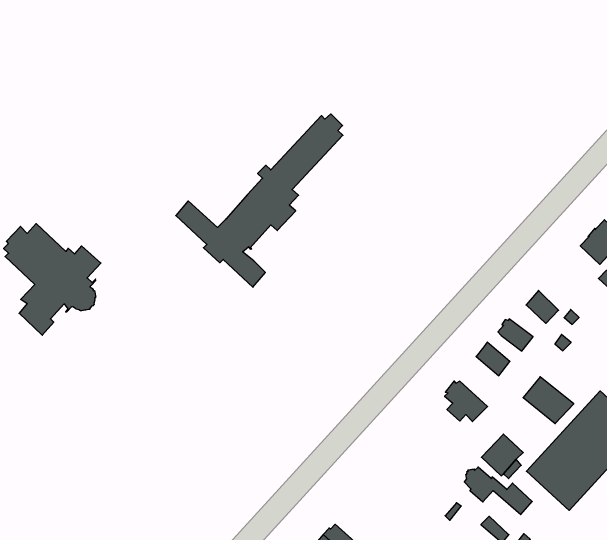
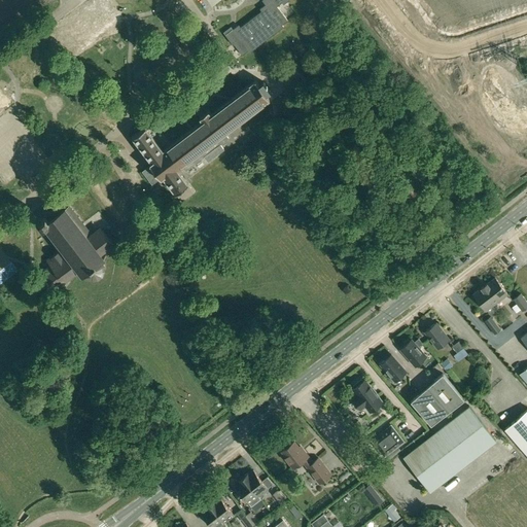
building: [176,114,343,287] -> [134,83,271,203]
building: none -> [426,375,464,414]
building: [464,467,532,515] -> [282,444,330,485]

